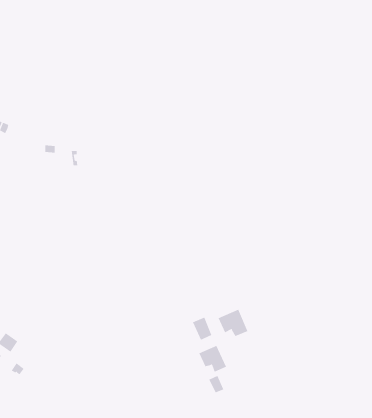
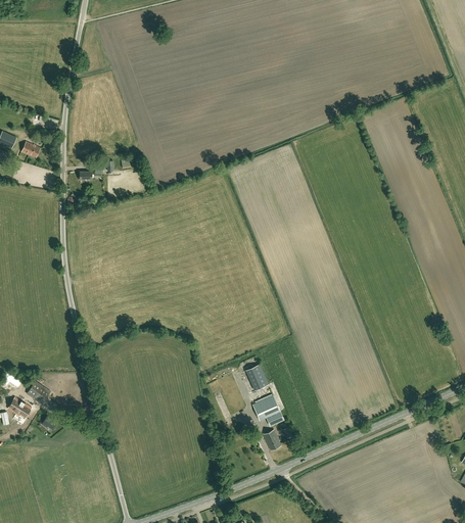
building: [218,309,248,337] -> none

